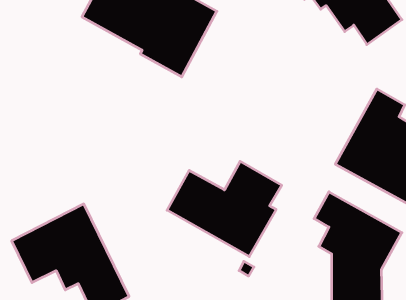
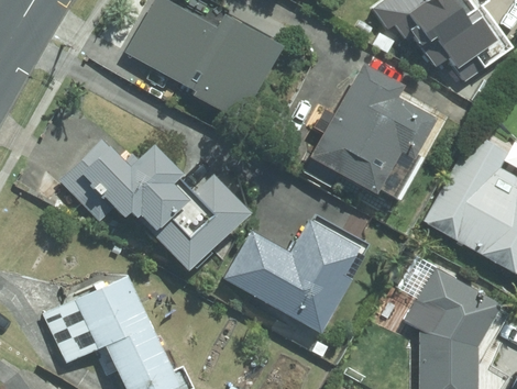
building: none -> [306,63,440,200]
building: none -> [57,138,251,271]

